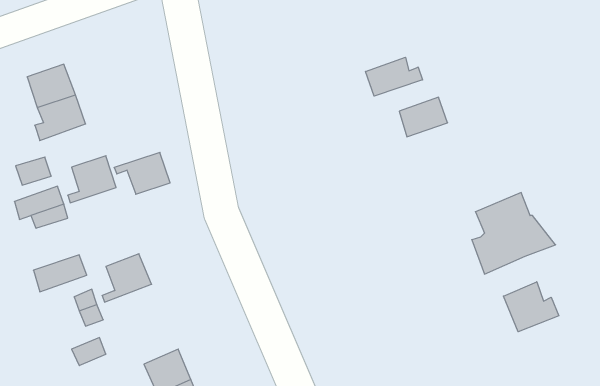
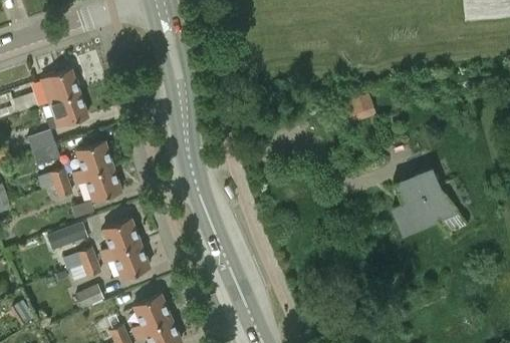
building: [366,57,423,96] -> none
building: [114,152,170,194] -> [75,166,119,200]
building: [503,282,559,332] -> none
building: none -> [102,243,149,278]

